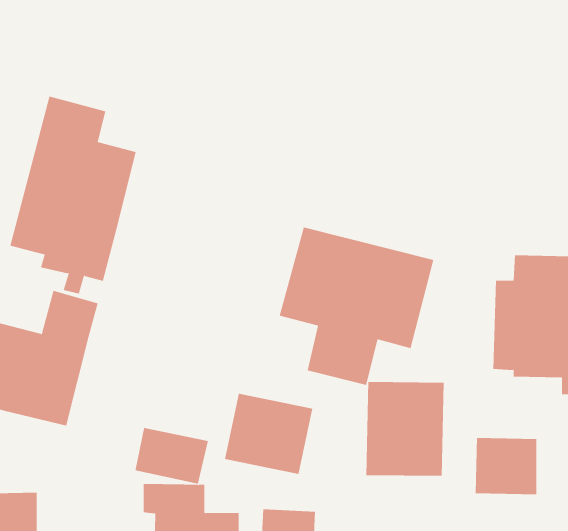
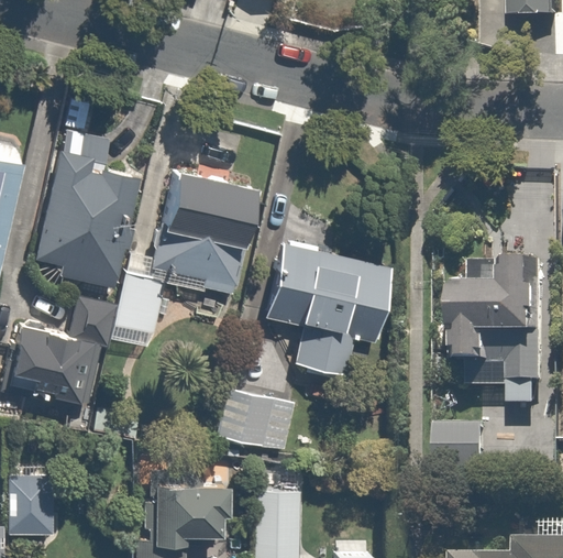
building: none -> [102,167,262,350]
building: [366,381,444,477] -> none
building: [135,427,208,485] -> none

